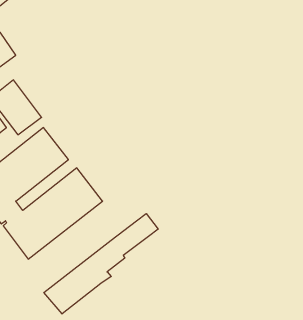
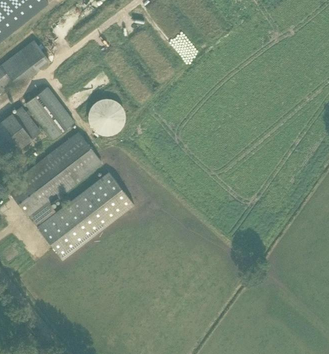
building: none -> [87,99,120,133]
building: [44,214,158,314] -> none

